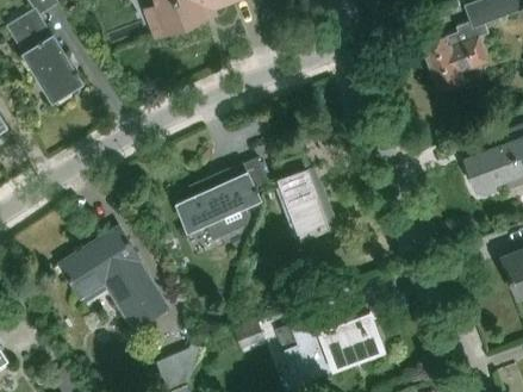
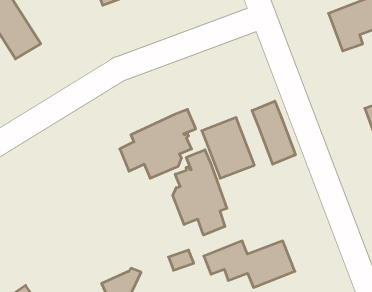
building: none -> [252,101,295,164]
building: none -> [173,150,227,235]
building: [60,228,170,331] -> none

